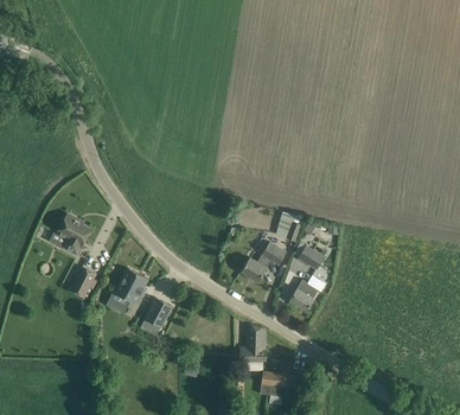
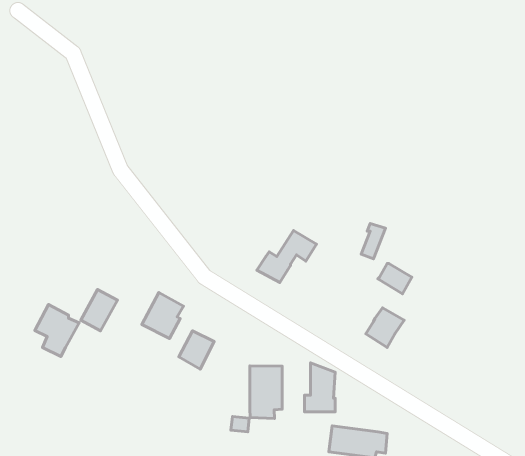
building: [56,215,90,255] -> [35,304,79,357]
building: [239,242,286,282] -> [257,230,317,282]
building: none -> [250,366,282,418]

